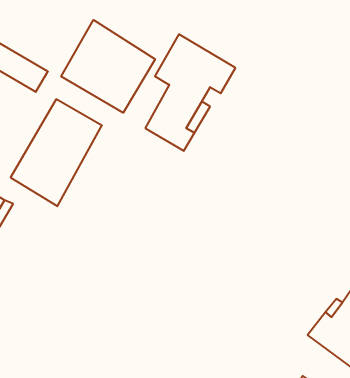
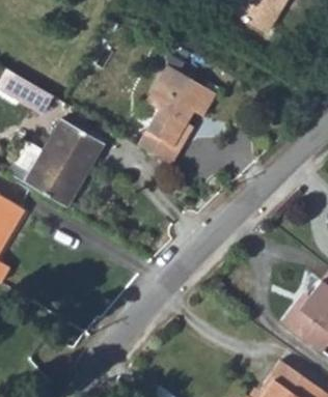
building: [61,20,155,113] -> none

